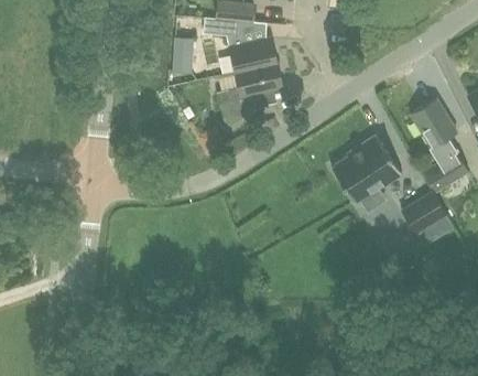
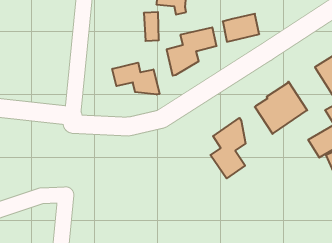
building: [229,36,276,73] -> [223,14,259,42]
building: none -> [112,63,159,95]
building: none -> [210,118,246,178]

